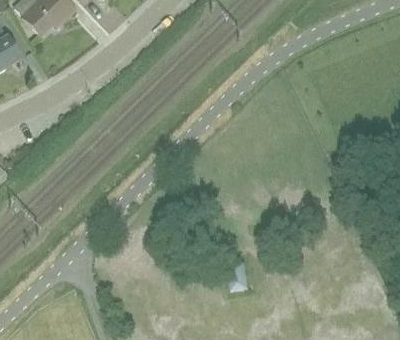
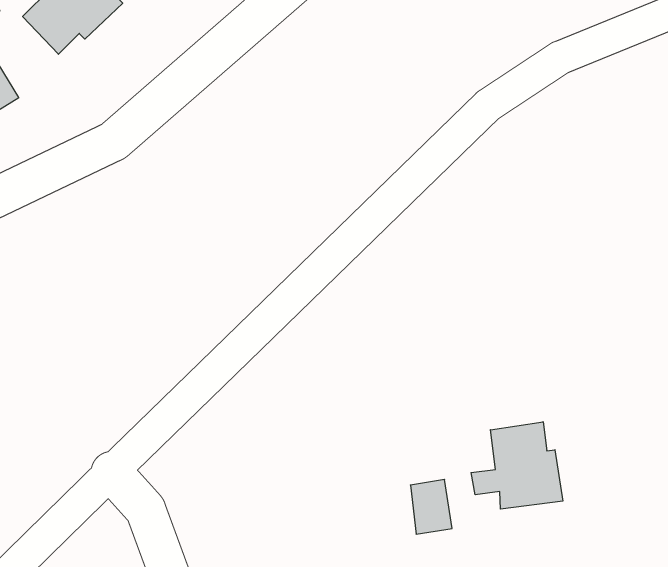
building: none -> [471,422,563,509]

